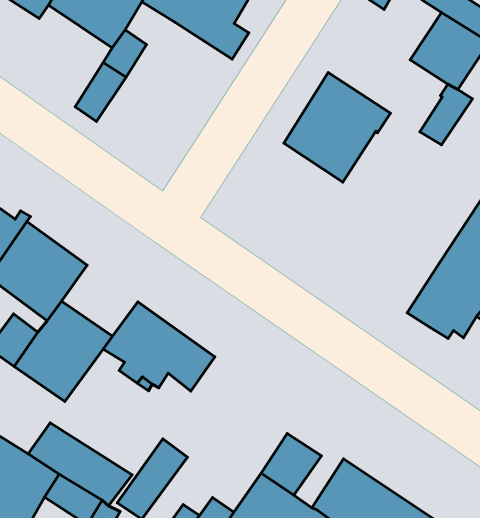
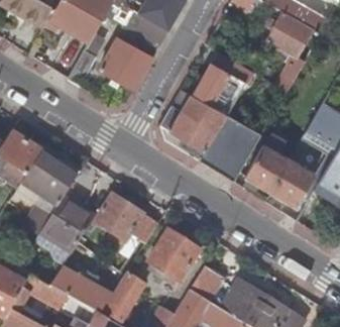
building: none -> [100,24,159,89]
building: none -> [161,87,261,181]
building: none -> [246,143,290,190]
building: none -> [147,229,200,287]

